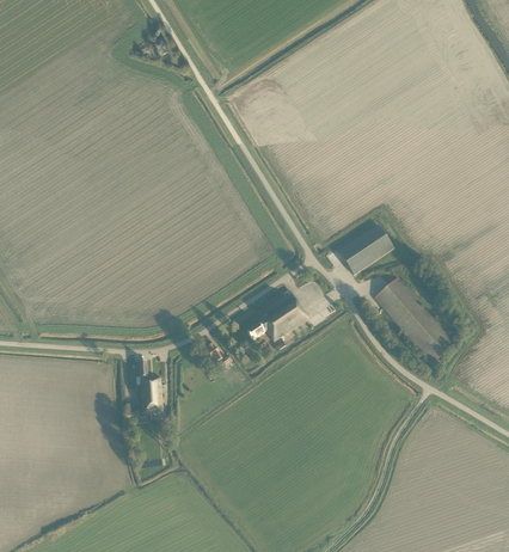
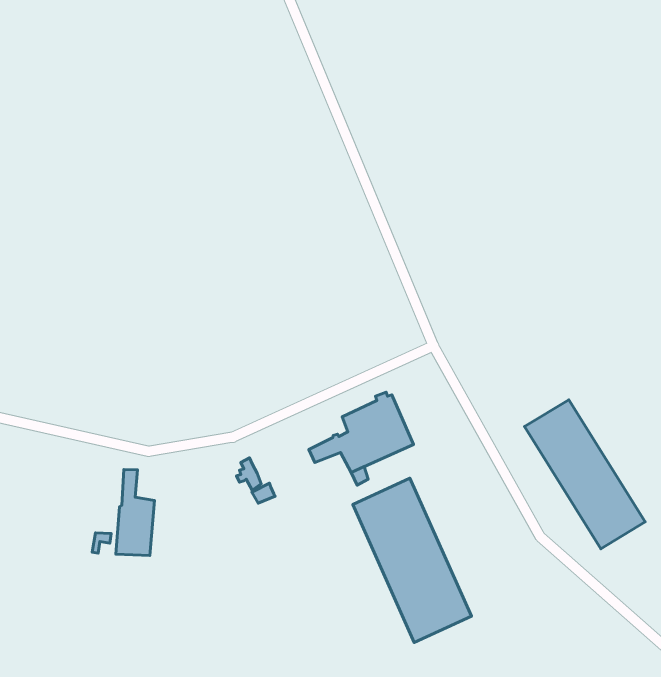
building: [339,226,393,274] -> none
building: none -> [353,478,471,643]

